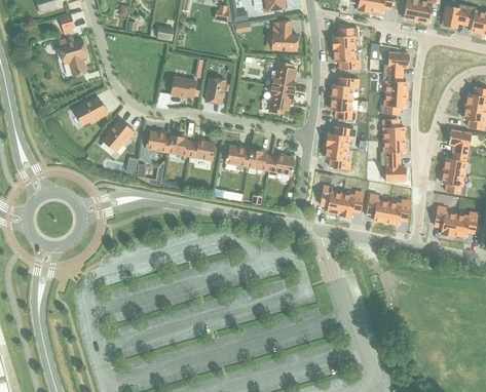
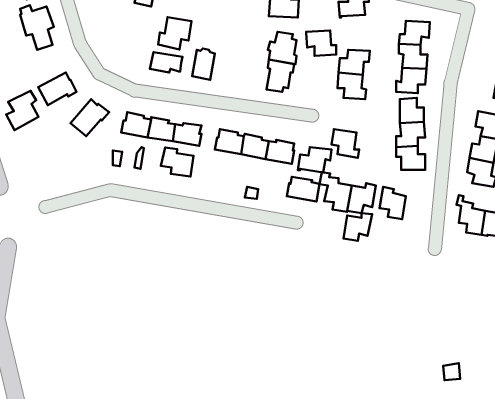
building: [333,47,359,69] -> [306,31,336,56]
building: none -> [158,17,192,49]
building: none -> [6,91,39,130]
building: [325,126,353,148] -> [298,147,331,172]
building: none -> [161,147,193,177]
building: none -> [287,177,319,201]
building: [385,200,410,224] -> [343,213,372,241]

